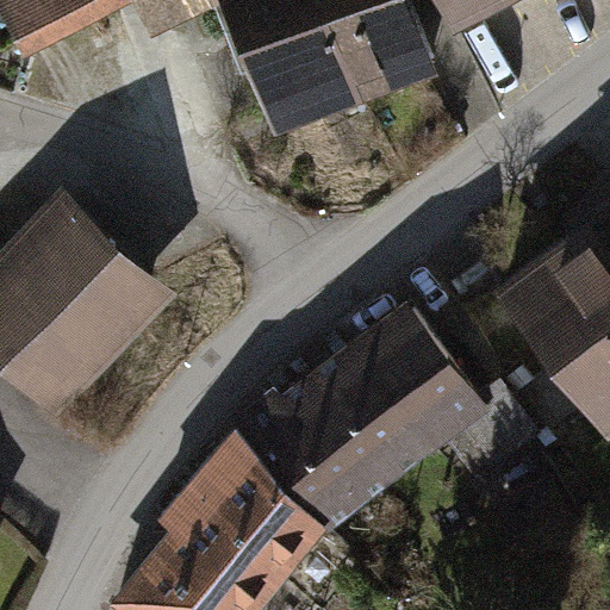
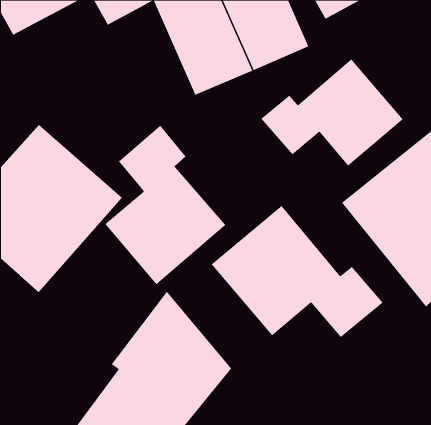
building: none -> [261,58,404,166]
building: none -> [104,125,226,285]
building: [237,373,385,529] -> none

